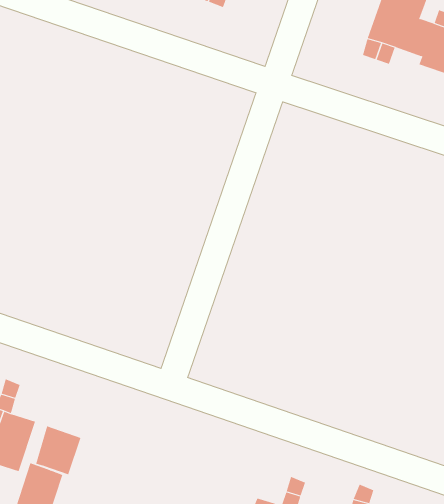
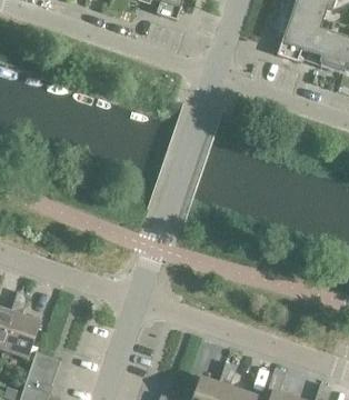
building: [35,425,81,475] -> none

